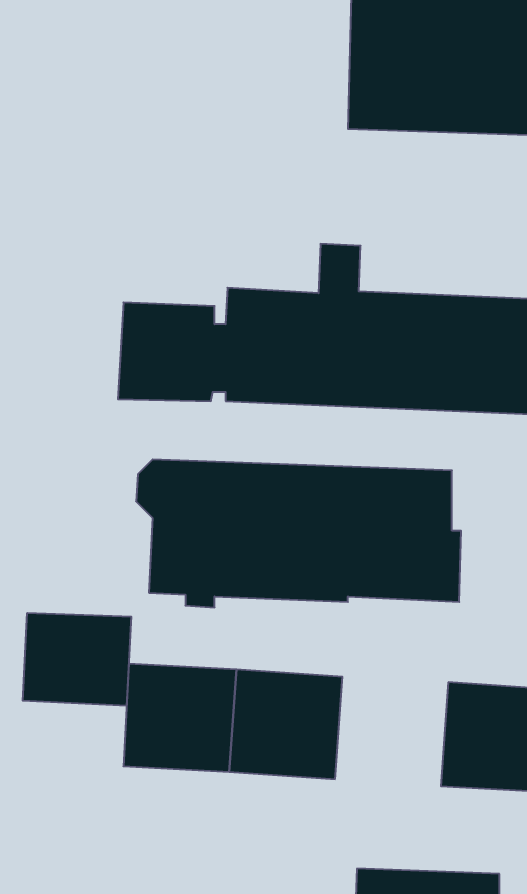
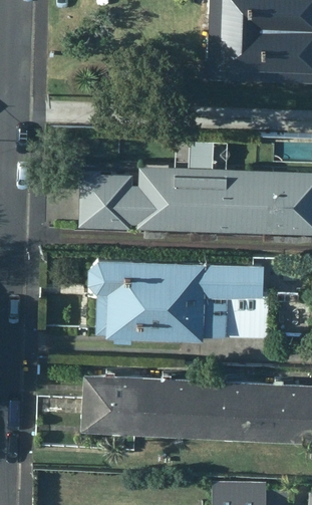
building: [23,613,131,706] -> none
building: none -> [197,381,259,441]

